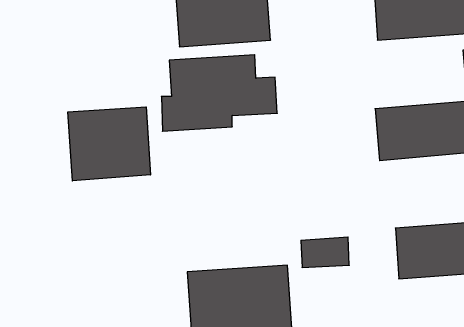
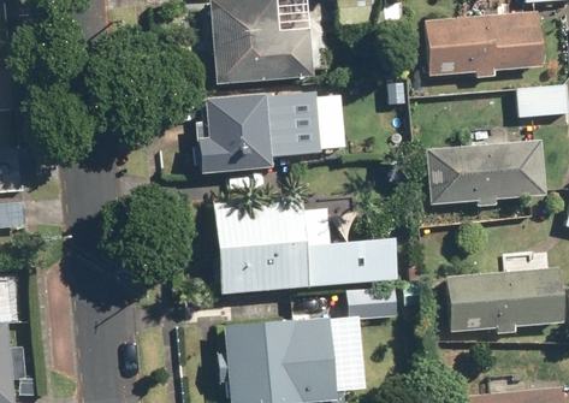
building: [68,107,150,181] -> none
building: none -> [213,195,402,294]

